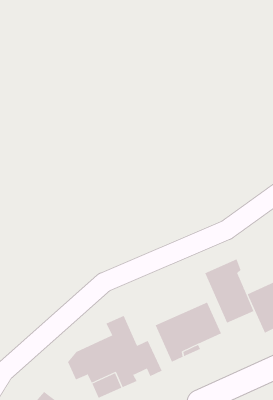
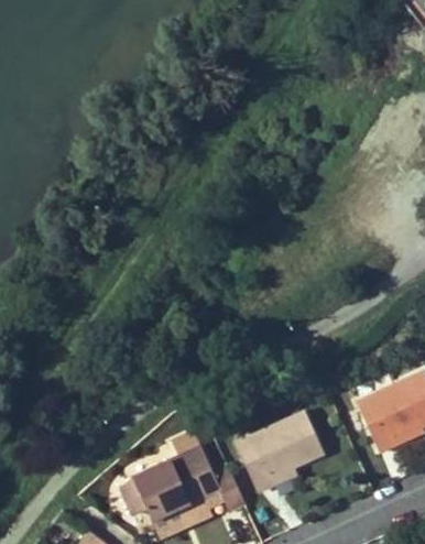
building: [205,259,254,323] -> none

